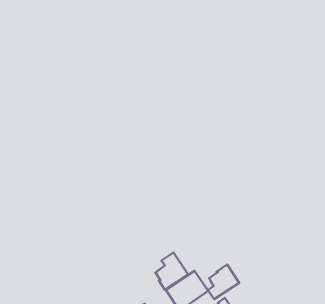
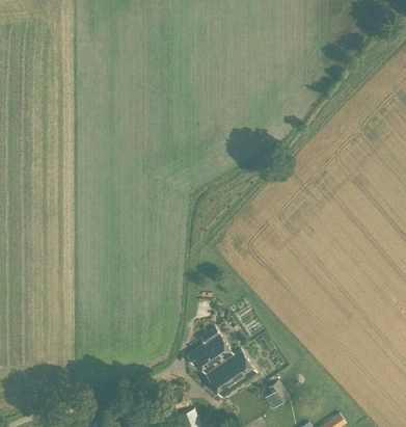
building: [208,265,239,299] -> none

